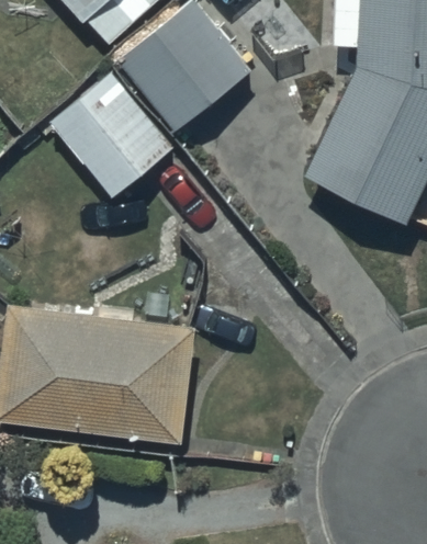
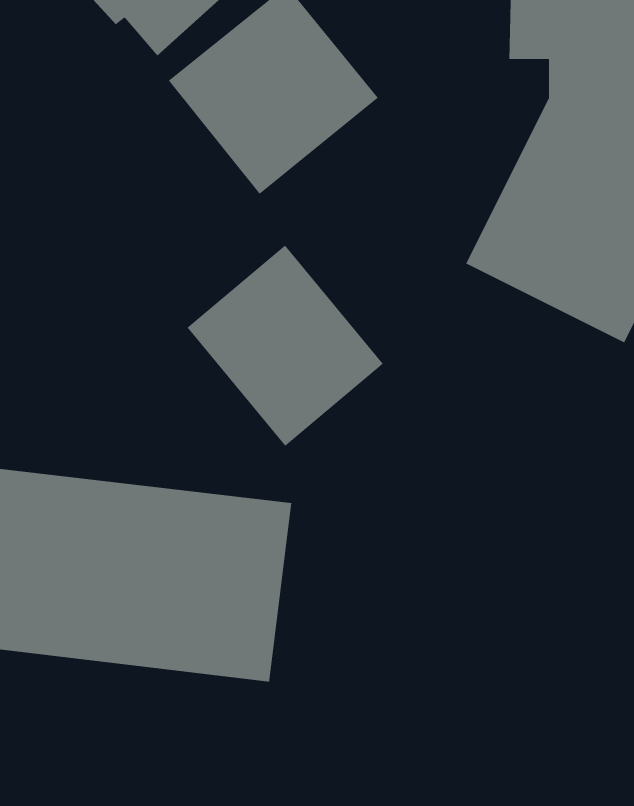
building: [47,70,172,199] -> [187,244,384,447]

